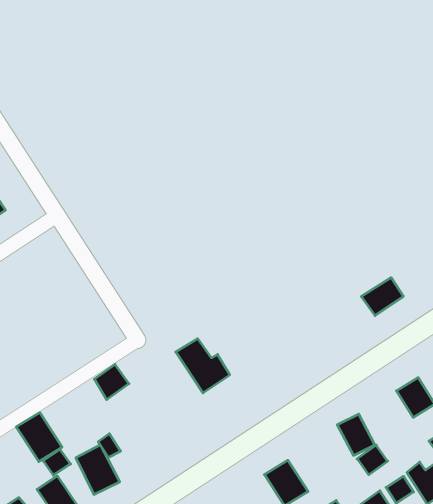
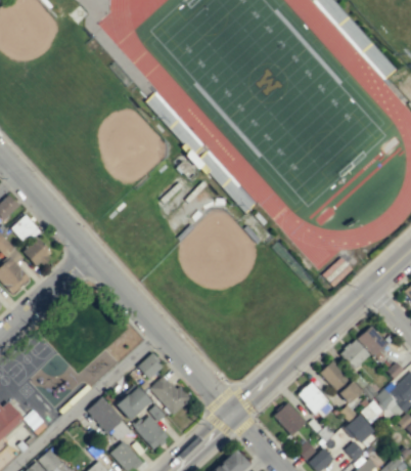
building: [176,339,230,393] -> [149,376,191,415]
building: none -> [342,339,372,370]
building: none -> [116,385,150,420]
building: none -> [296,383,333,421]

